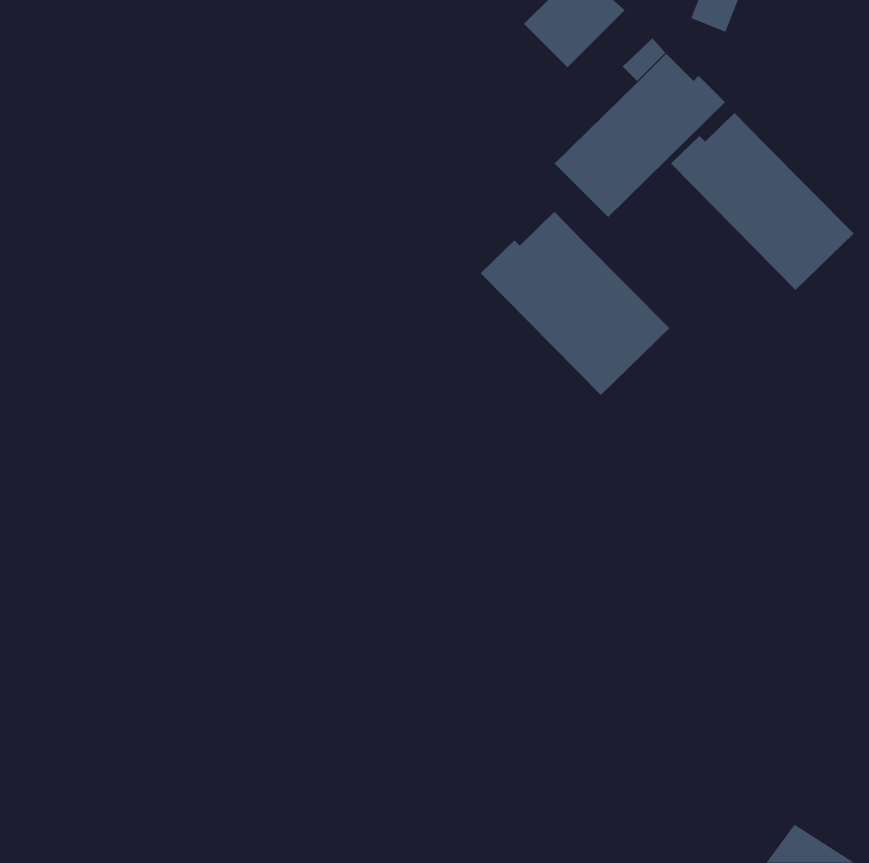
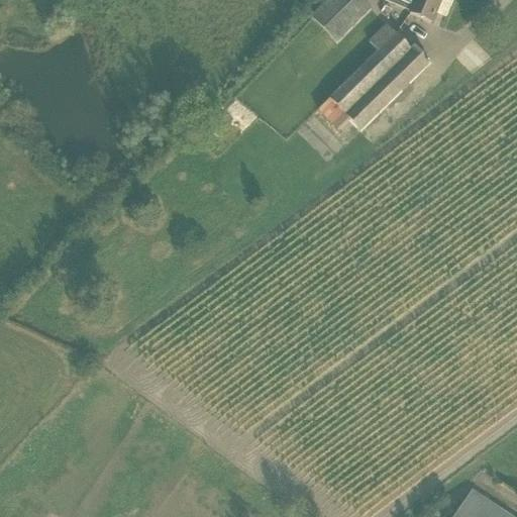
building: [670,112,854,291] -> none
building: [480,211,670,396] -> none

